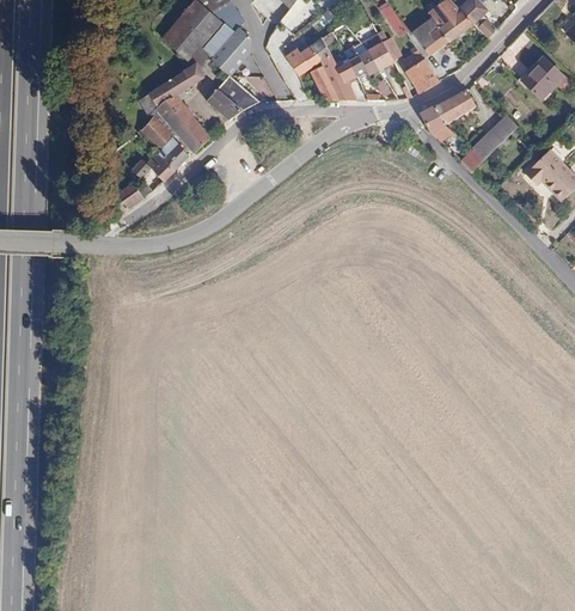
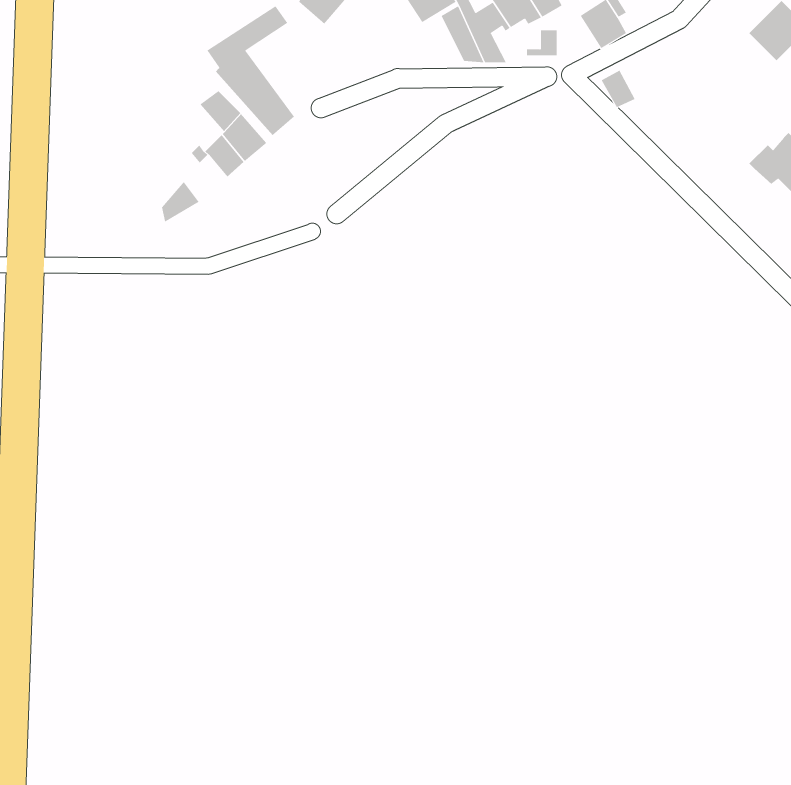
building: [206,74,262,117] -> none
building: [433,88,475,126] -> none
building: [459,112,520,169] -> none

